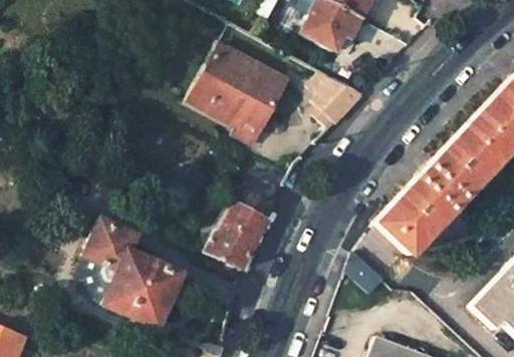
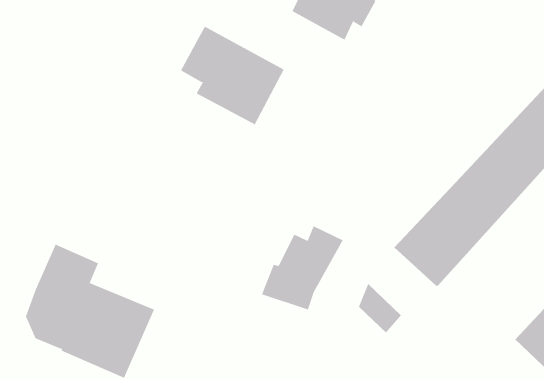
building: [305,69,363,122] -> none
building: [189,77,262,133] -> none
building: [202,198,270,268] -> [261,225,344,310]

